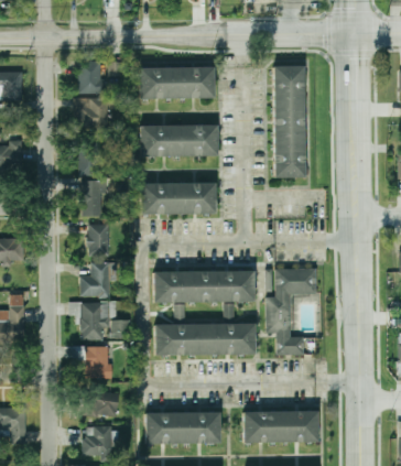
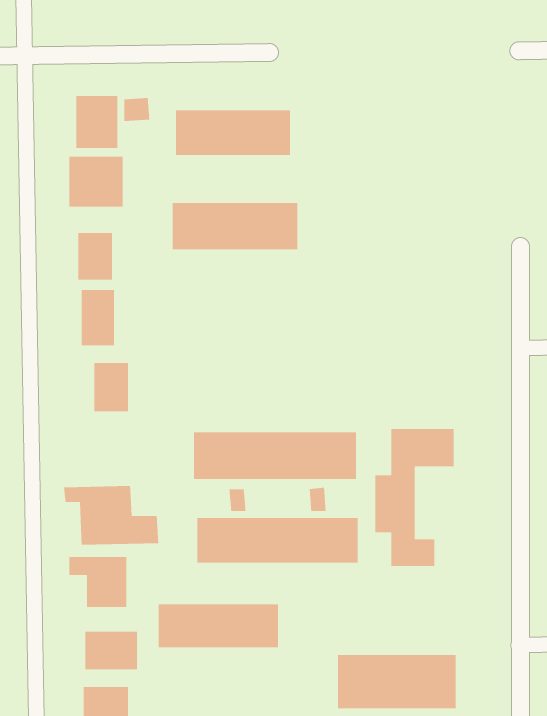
building: [272,69,305,180] -> none
building: [141,186,216,216] -> none
building: [82,267,111,299] -> none
building: [144,412,219,440] -> [158,604,279,648]

